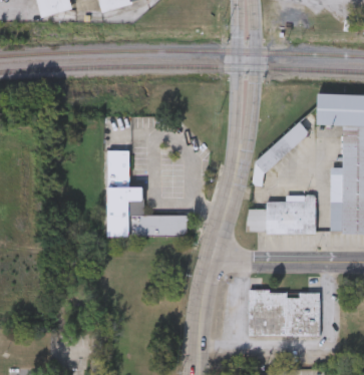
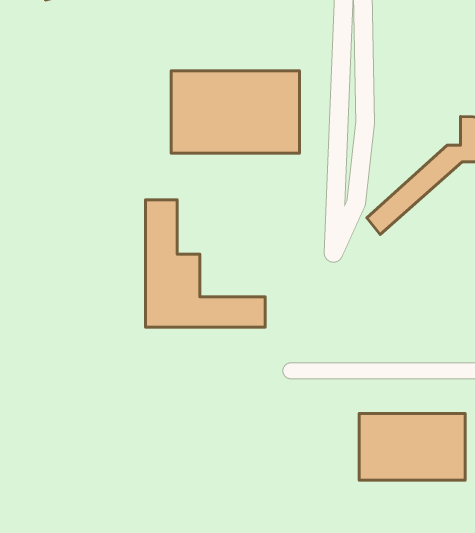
building: none -> [171,71,299,153]
building: [248,198,316,235] -> none

